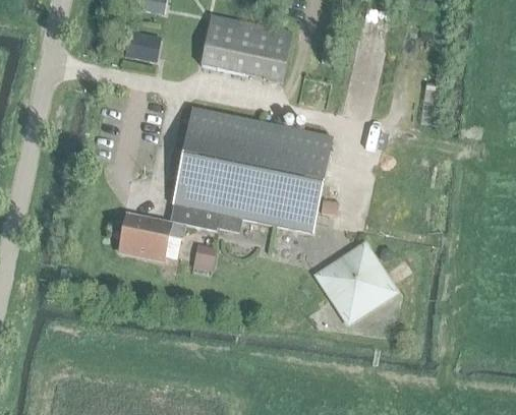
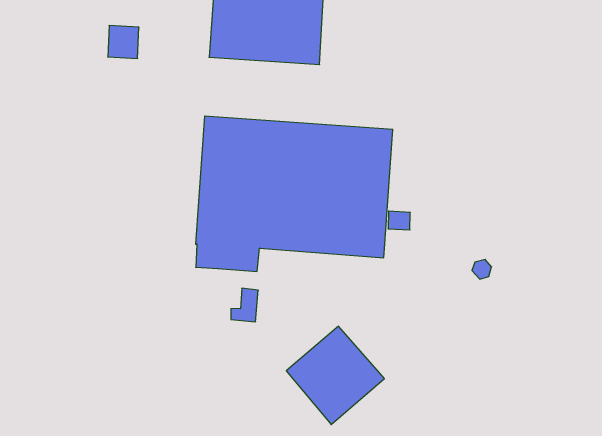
building: [119,215,186,258] -> none
building: [320,247,393,320] -> [286,326,384,425]

